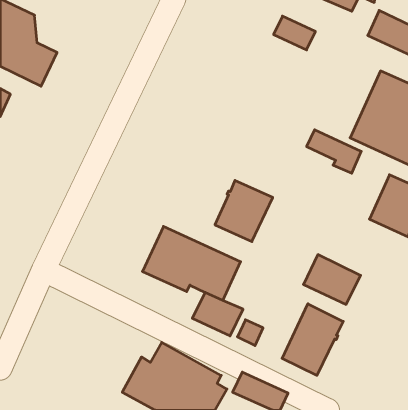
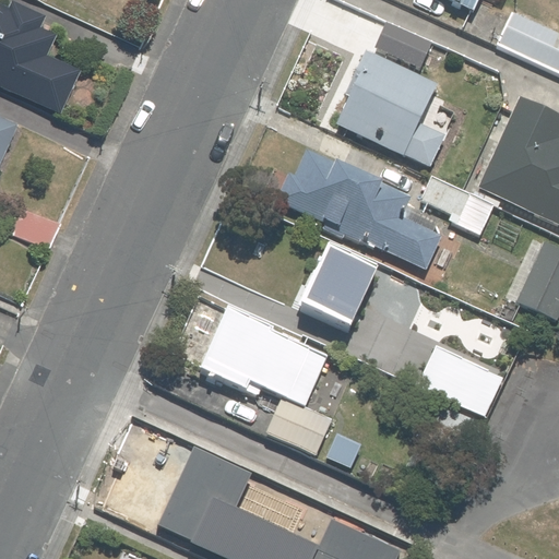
building: none -> [335,50,447,166]
building: none -> [264,150,442,269]
building: [282,304,343,375] -> none

